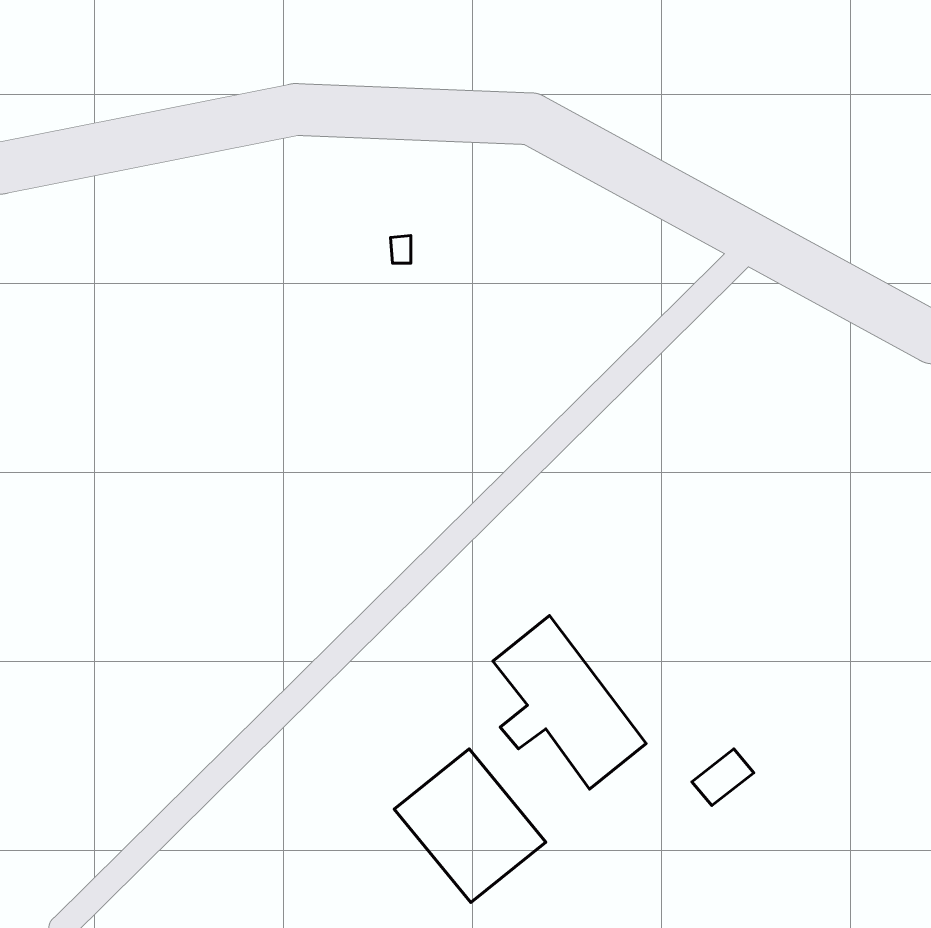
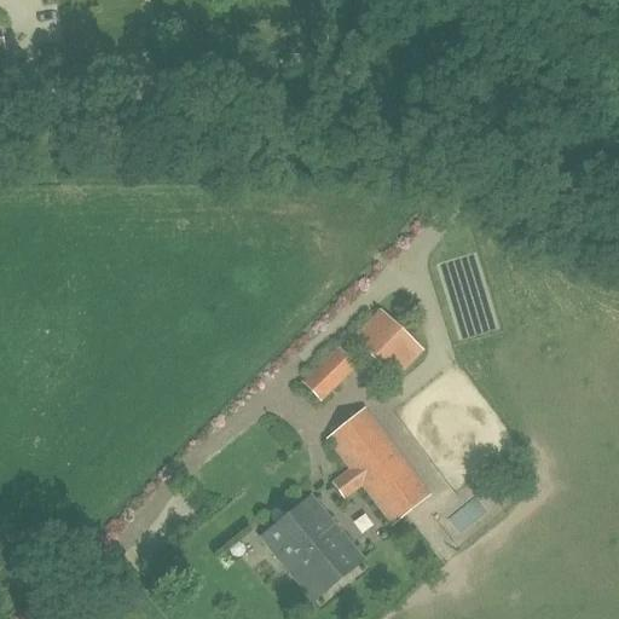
building: none -> [353,308,420,374]
building: none -> [303,347,355,398]

